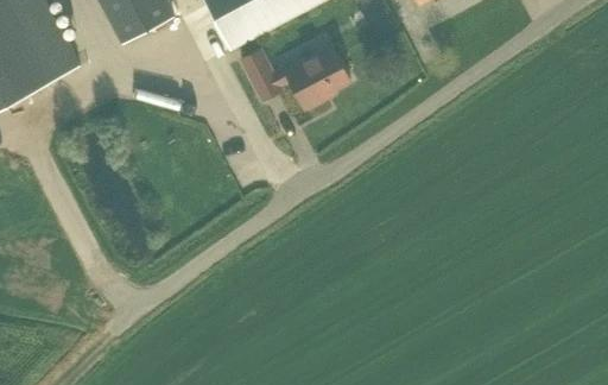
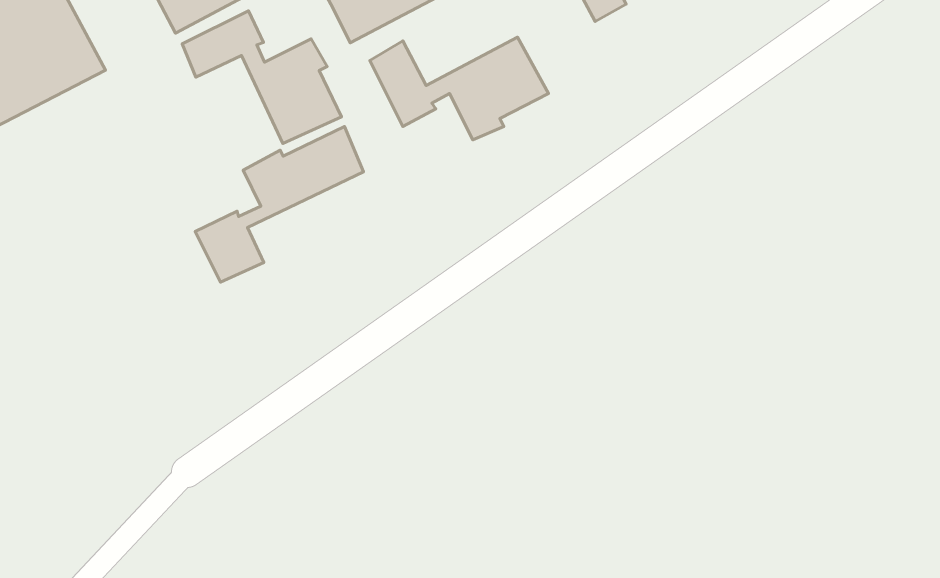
building: none -> [182,11,342,144]
building: none -> [195,126,364,282]

